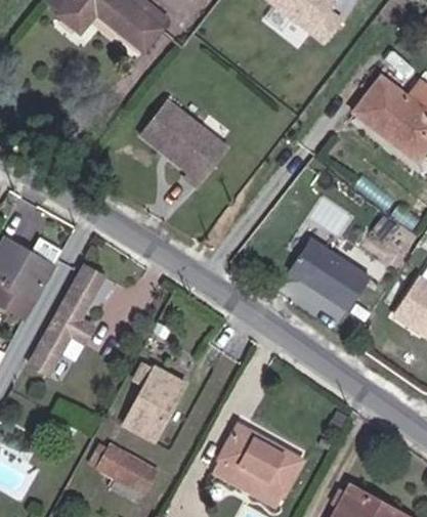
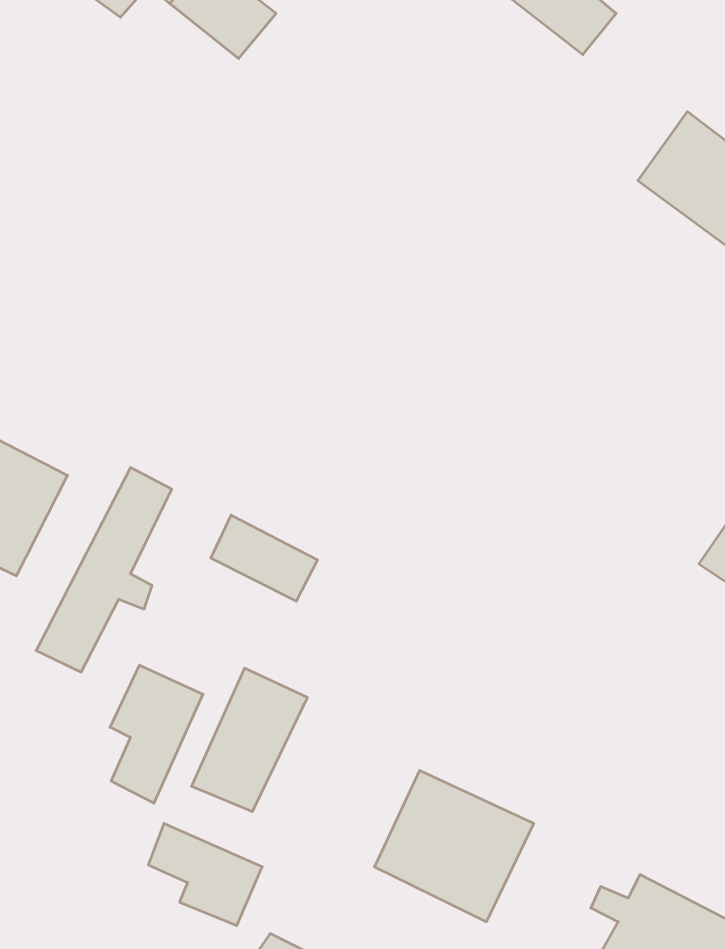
building: [138,98,226,185] -> none
building: [293,238,374,307] -> none
building: none -> [211,515,318,601]
building: none -> [110,665,203,803]

